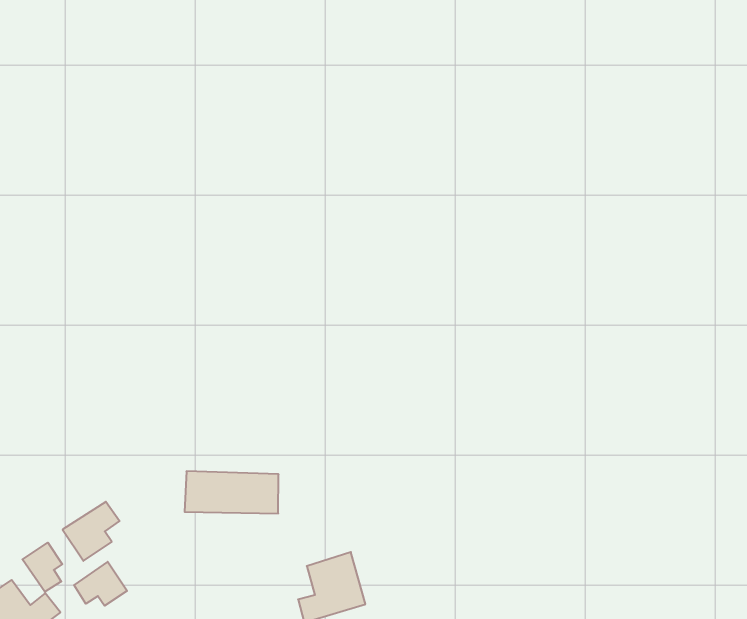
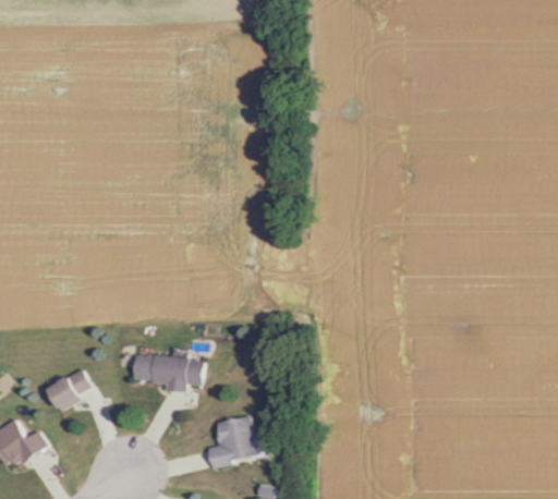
building: [22,543,62,592] -> none
building: [74,562,127,606] -> none

